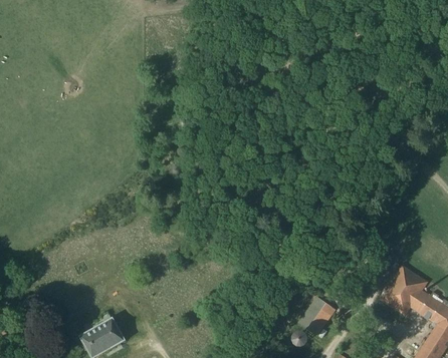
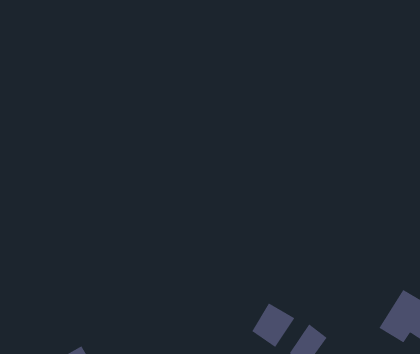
building: none -> [251,302,295,348]

